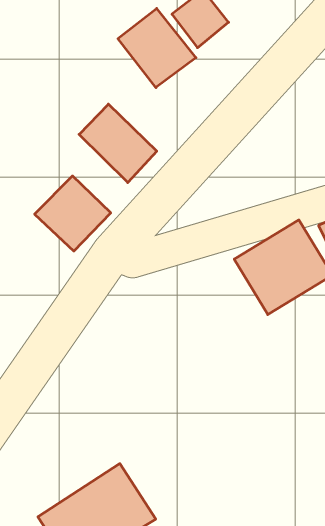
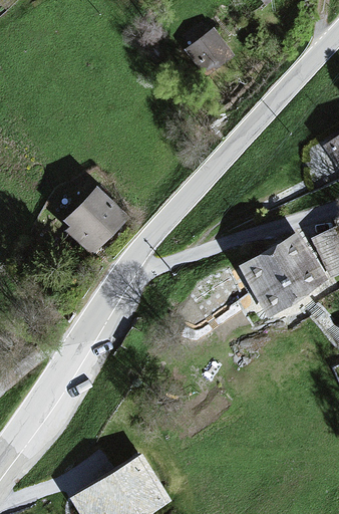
building: [118,8,196,88] -> none
building: [79,104,157,183] -> none

